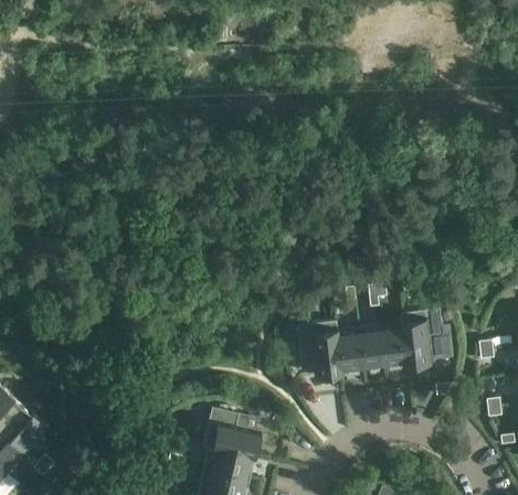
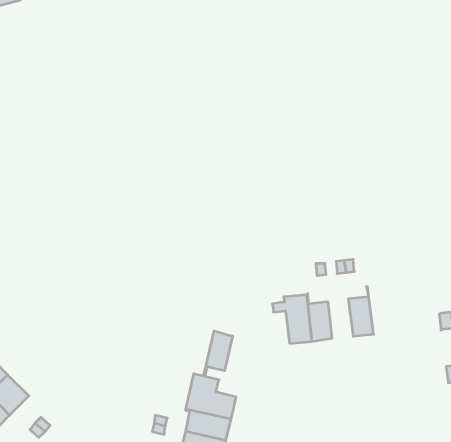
building: [404,310,446,366] -> none
building: [361,327,389,370] -> none
building: none -> [204,331,233,376]

